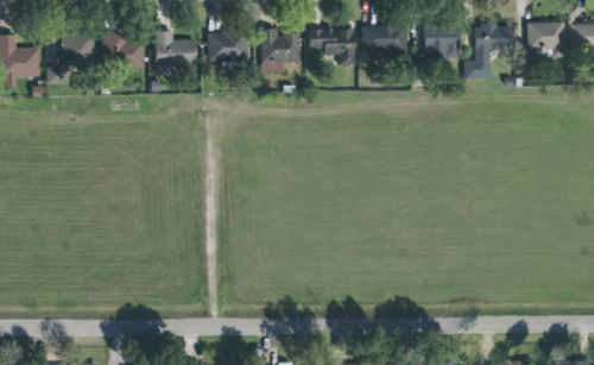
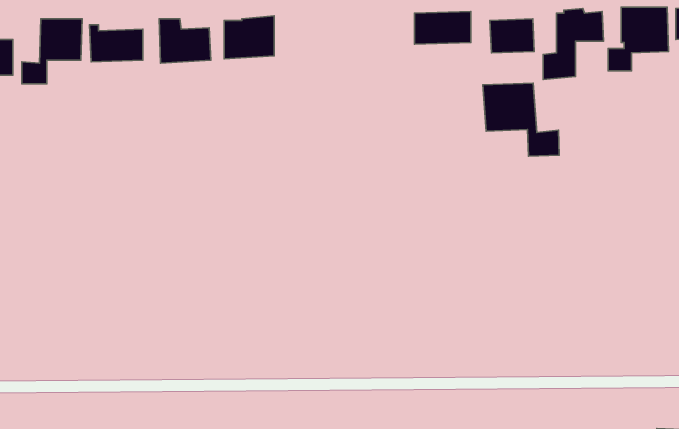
building: [259,27,298,62] -> none
building: [304,29,353,65] -> none
building: none -> [483,83,559,156]

